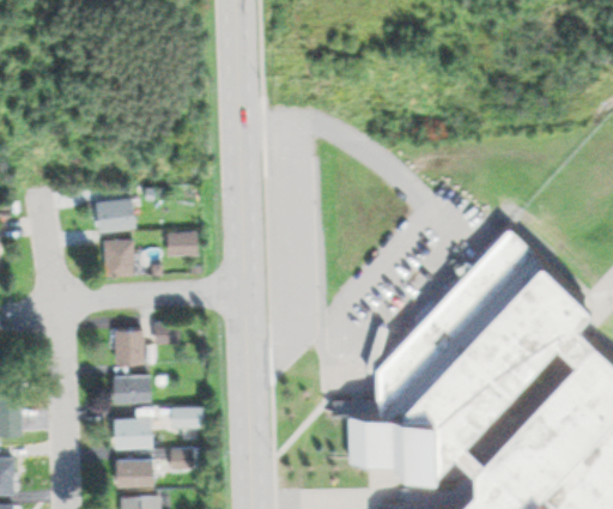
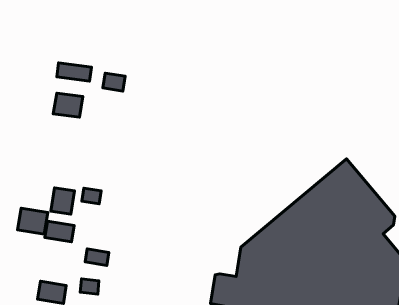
building: none -> [57,63,91,81]
building: [169,236,196,256] -> [103,73,125,91]
building: [105,243,133,277] -> none
building: [113,418,150,448] -> [18,208,48,234]

